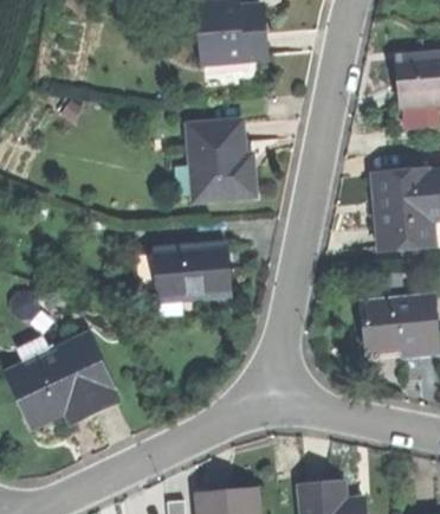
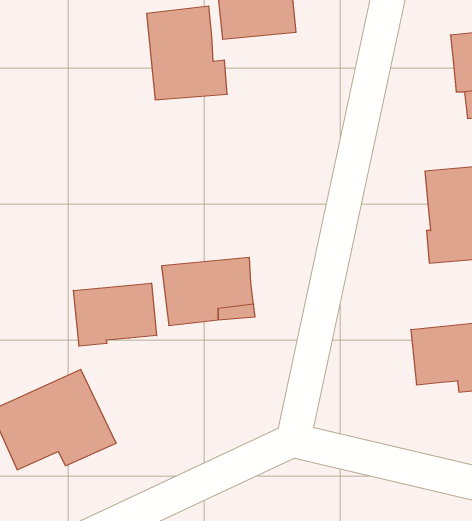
building: [188,120,255,198] -> [147,6,227,100]
building: none -> [73,283,157,346]

